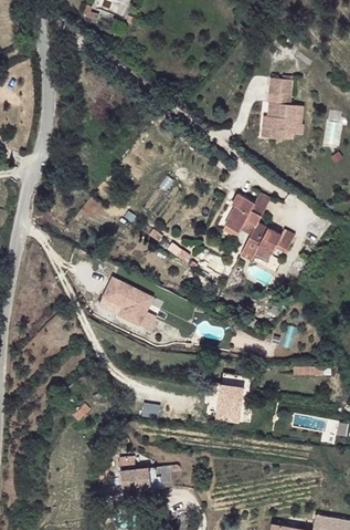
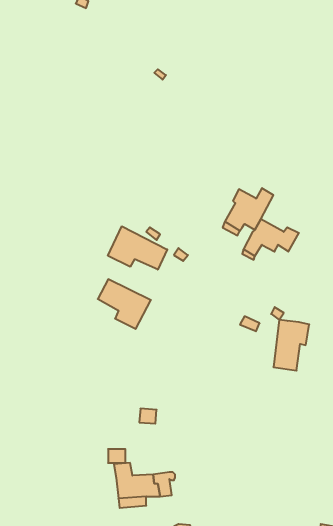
building: [261,76,301,138] -> none
building: none -> [108,226,167,270]
building: [215,372,250,420] -> [273,320,309,371]

